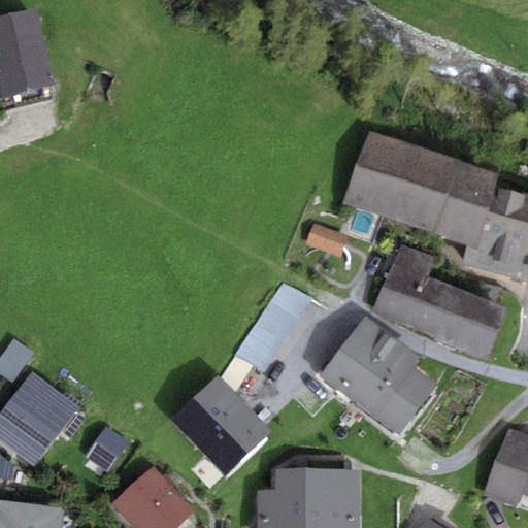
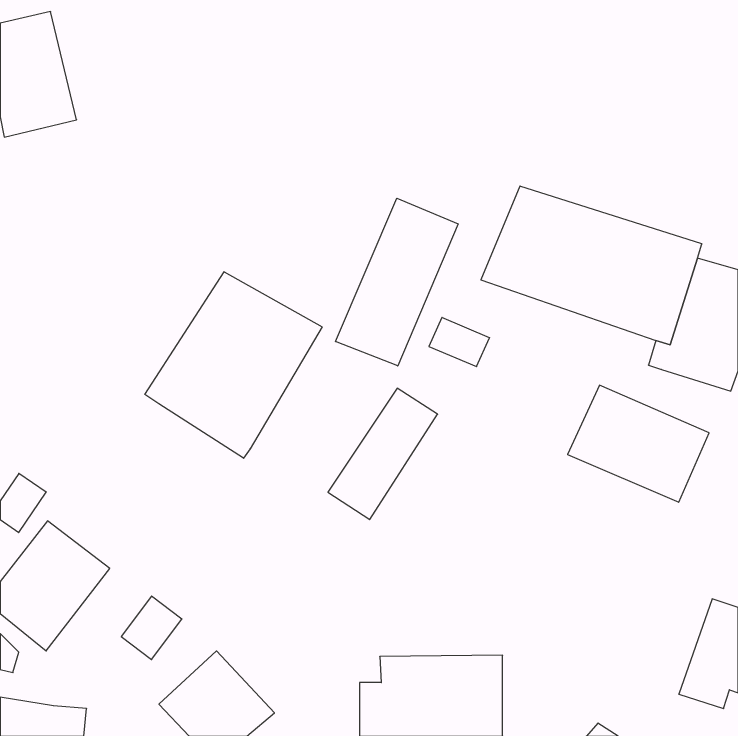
building: none -> [336,198,458,366]
building: none -> [145,272,322,458]
building: [372,243,435,325] -> none
building: [320,316,437,435] -> none
building: [172,374,271,474] -> none

